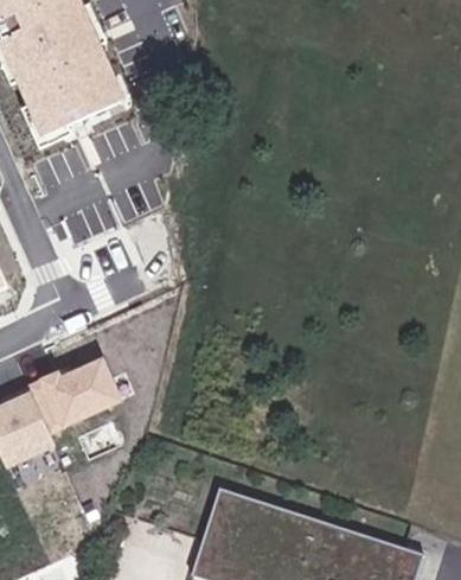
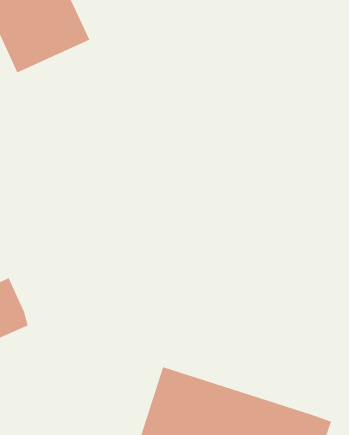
building: [28,355,121,429] -> none

